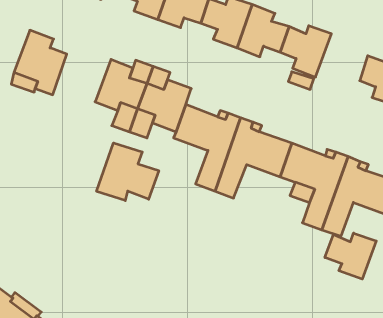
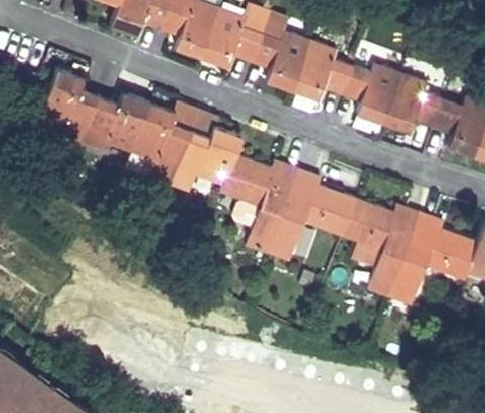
building: none -> [382,73,442,132]
building: none -> [83,92,149,151]
building: [97,143,159,201] -> none
building: [325,233,376,279] -> none

